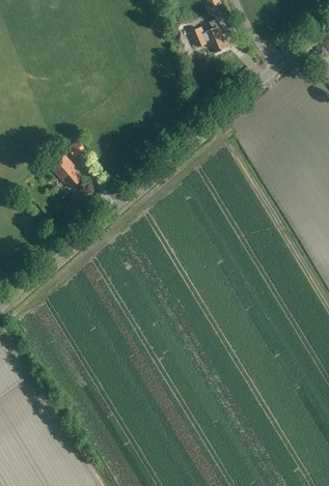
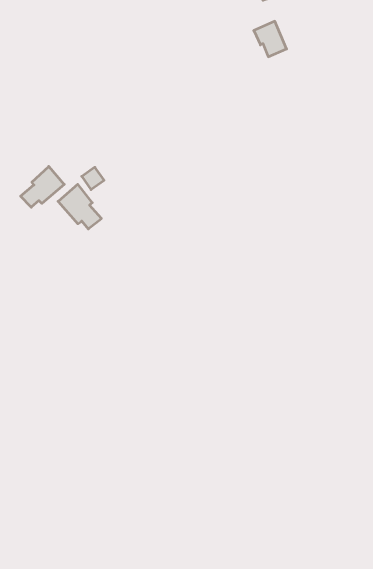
building: none -> [21,166,64,207]

